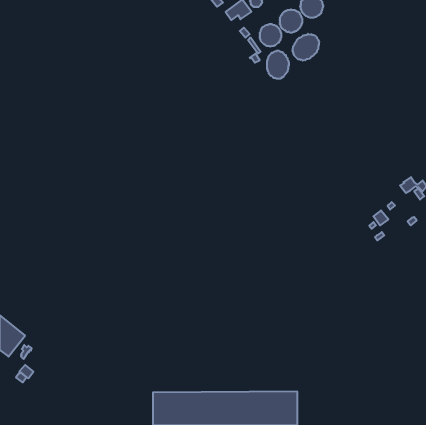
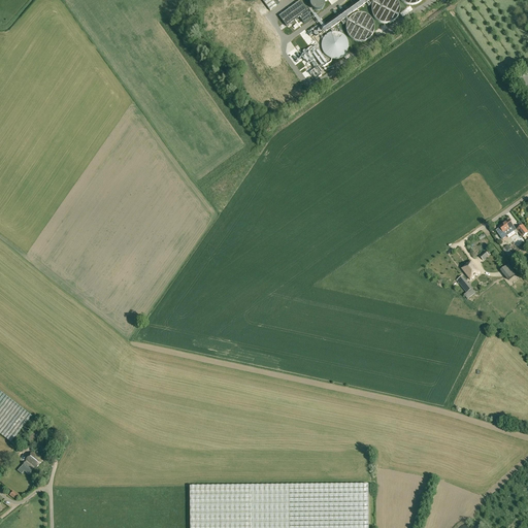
building: [293,34,319,61] -> none
building: [267,51,289,79] -> none

